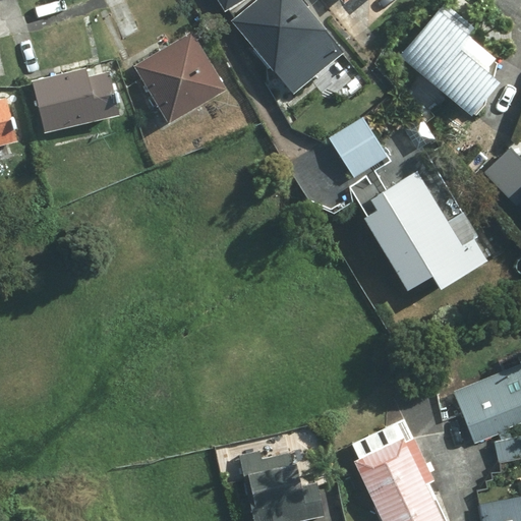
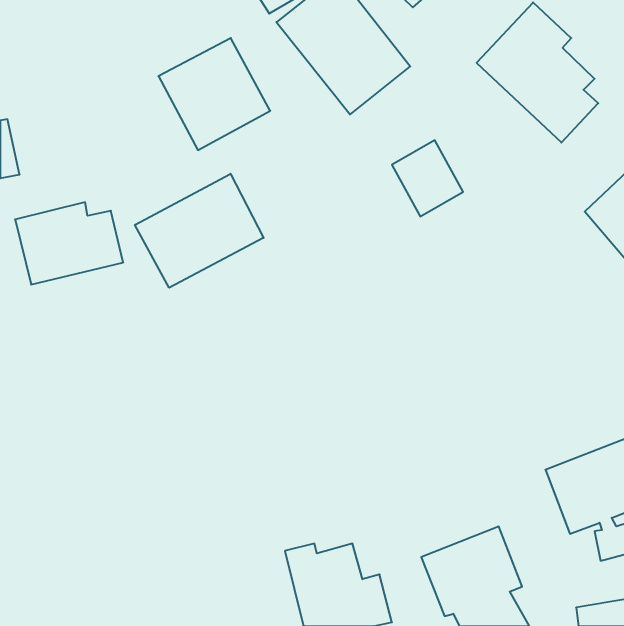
building: [32,65,121,133] -> [15,202,123,285]
building: none -> [135,174,264,288]
building: [363,171,486,292] -> none

